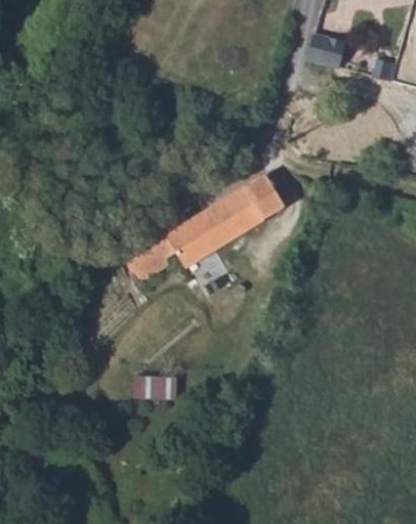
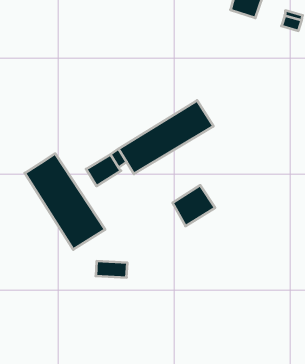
building: none -> [25,154,105,250]
building: none -> [173,185,215,226]

